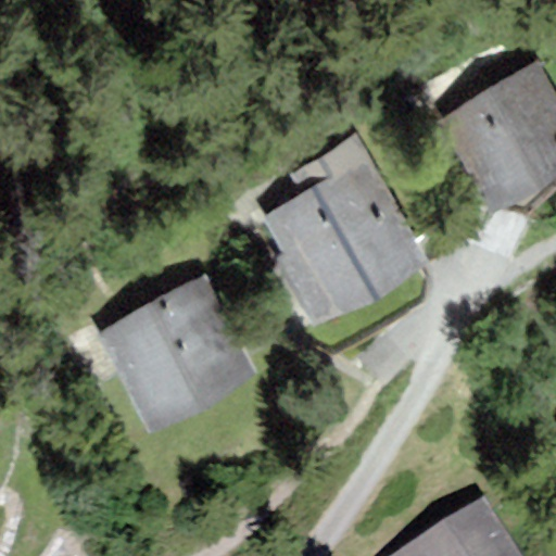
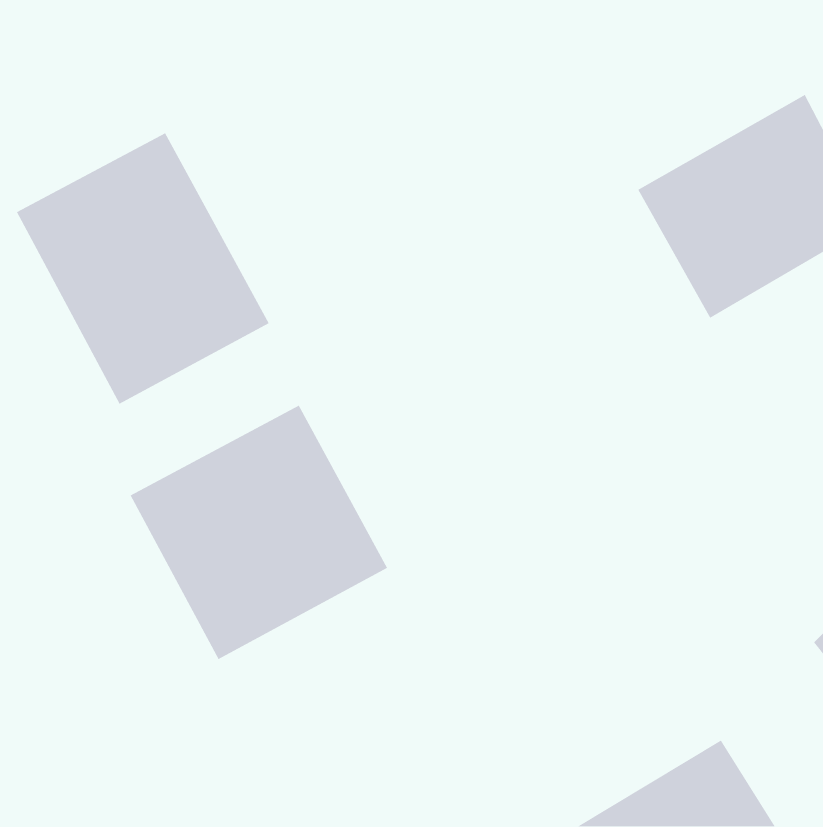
building: none -> [16,132,270,405]
building: [257,161,427,323] -> none

